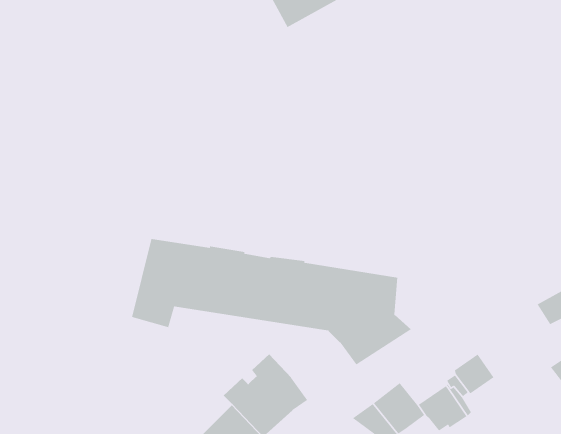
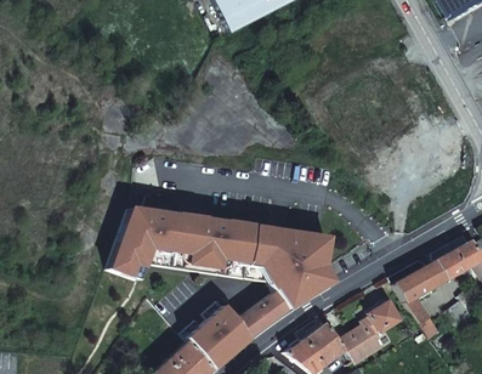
building: none -> [392,264,438,336]
building: none -> [237,291,289,338]

